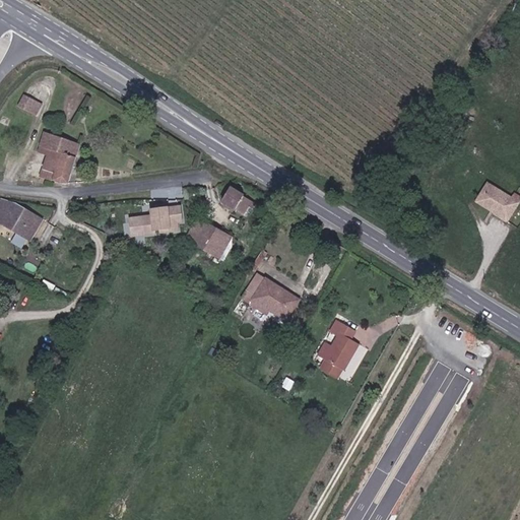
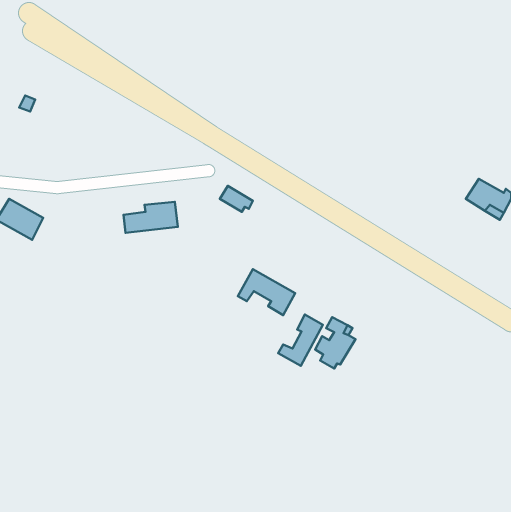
building: [37,134,80,184] -> none
building: [188,217,233,258] -> none
building: none -> [278,314,323,366]

